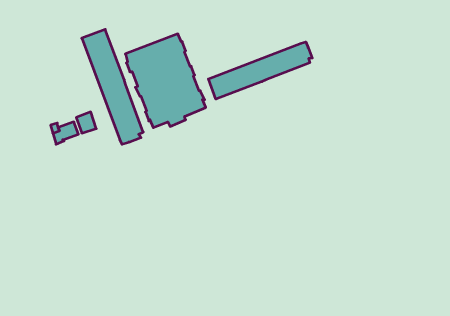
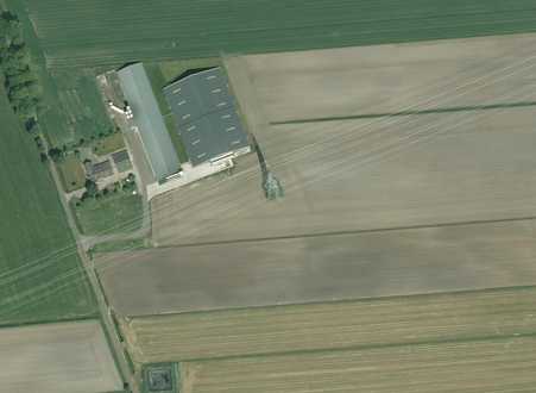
building: [208,42,312,99] -> none

